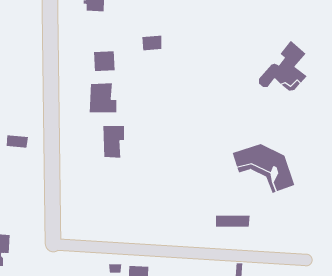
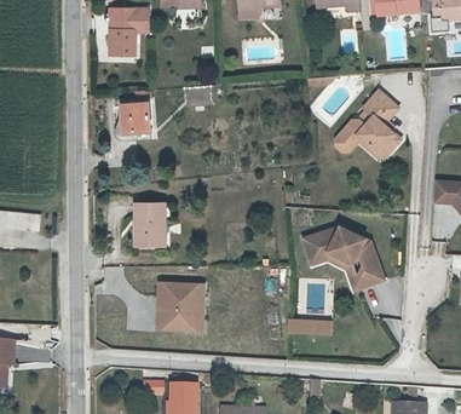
building: [89,82,117,113] -> none
building: none -> [149,280,200,330]

